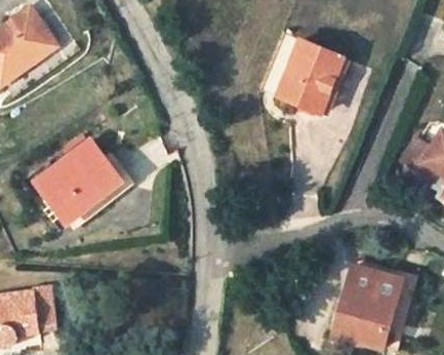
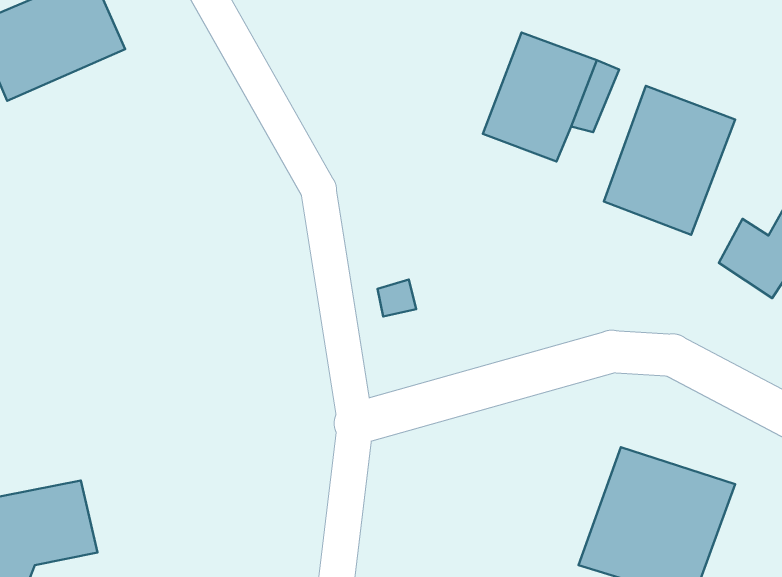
building: none -> [604,86,735,235]
building: [32,135,121,221] -> none

